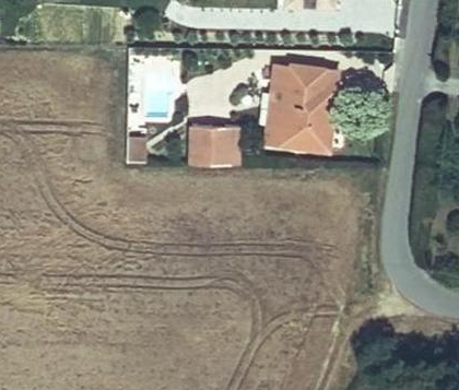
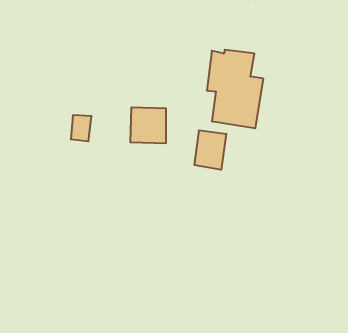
building: none -> [194,130,226,170]

